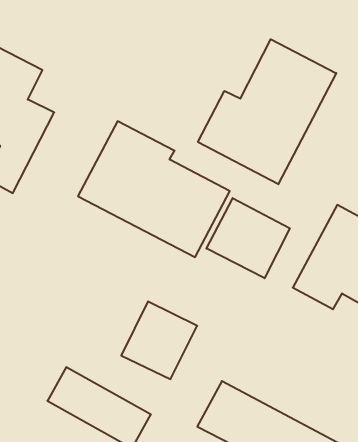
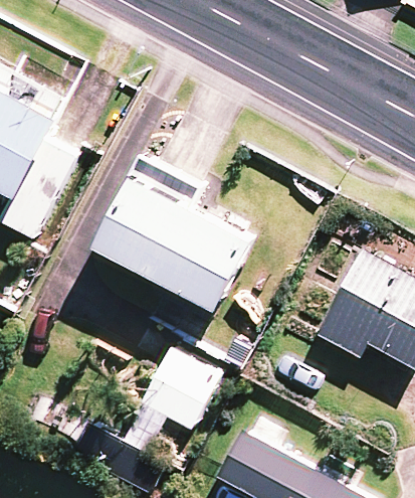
building: [198,39,336,184] -> none
building: [206,198,290,278] -> none

